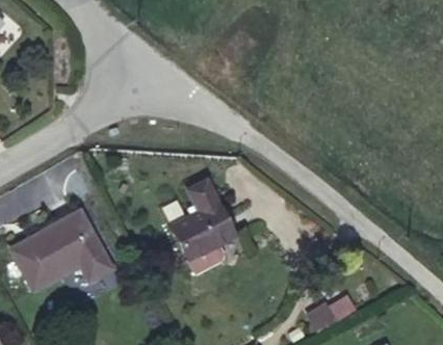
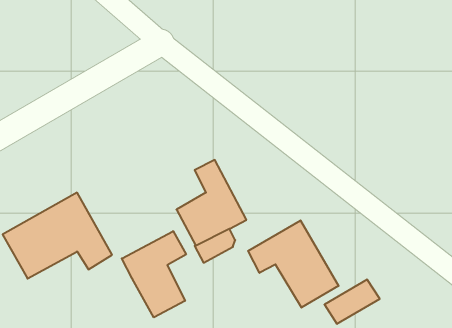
building: none -> [248,220,339,308]
building: none -> [122,231,186,317]

